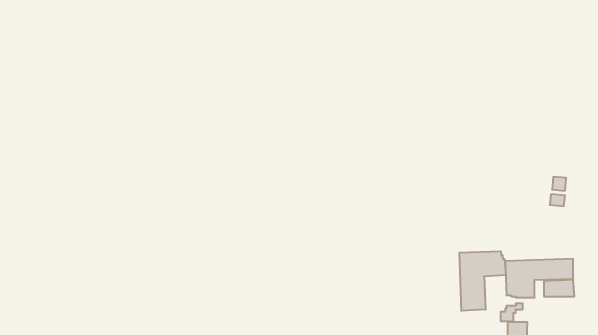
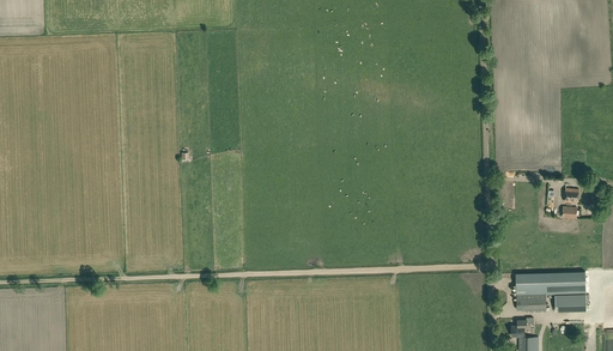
building: [459,251,506,311] -> none

